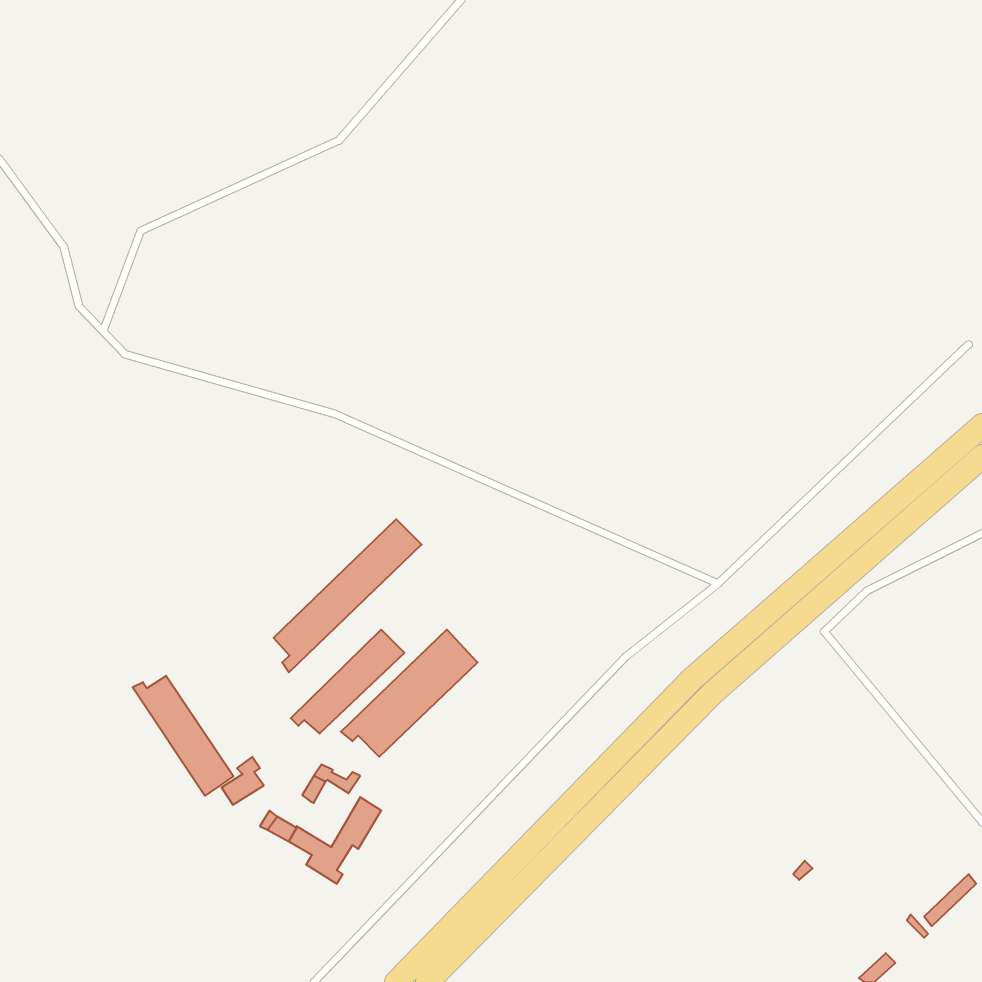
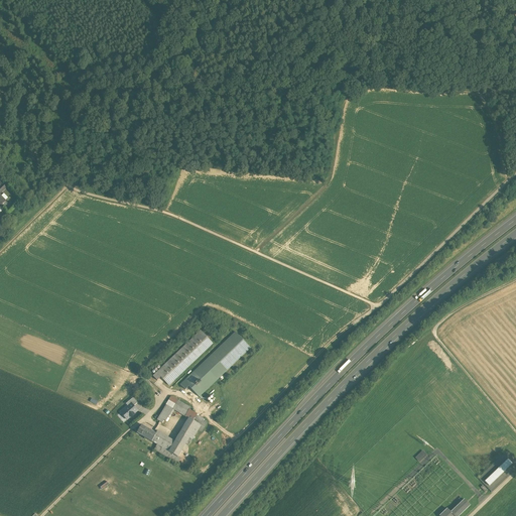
building: [274,519,422,672] -> none
building: [133,676,233,796] -> none

